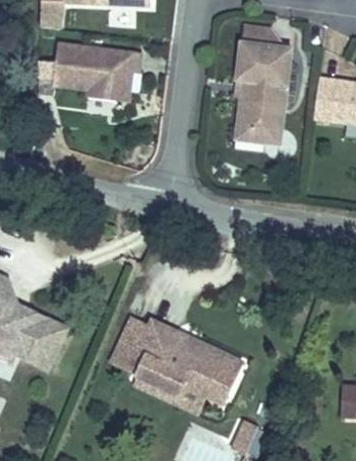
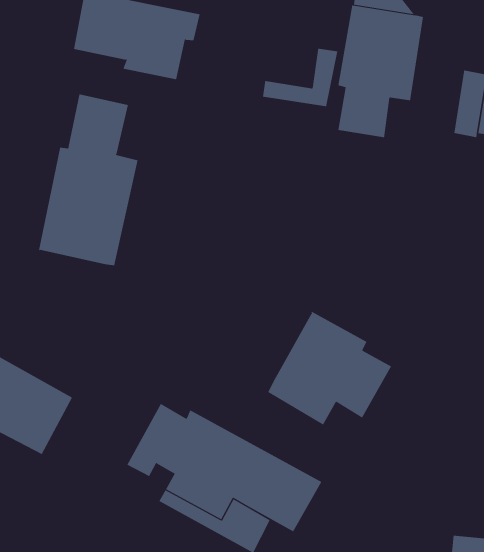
building: [235,101,284,140] -> [262,48,338,107]
building: none -> [38,93,138,266]
building: none -> [267,311,392,425]

